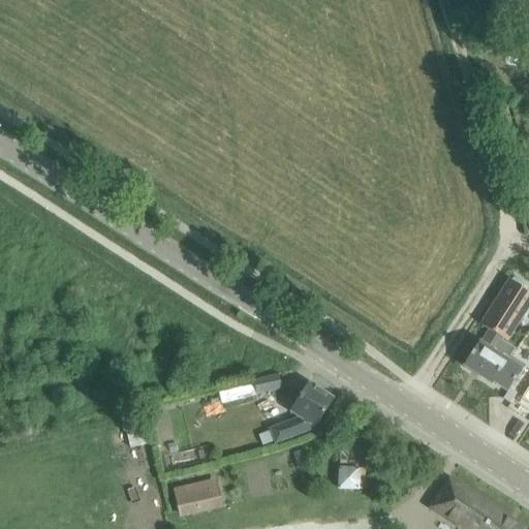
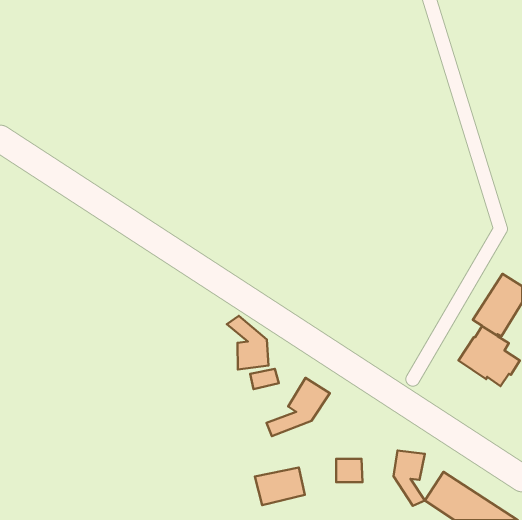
building: none -> [227,316,269,369]
building: none -> [394,450,425,506]
building: [173,477,223,516] -> [255,467,305,505]

